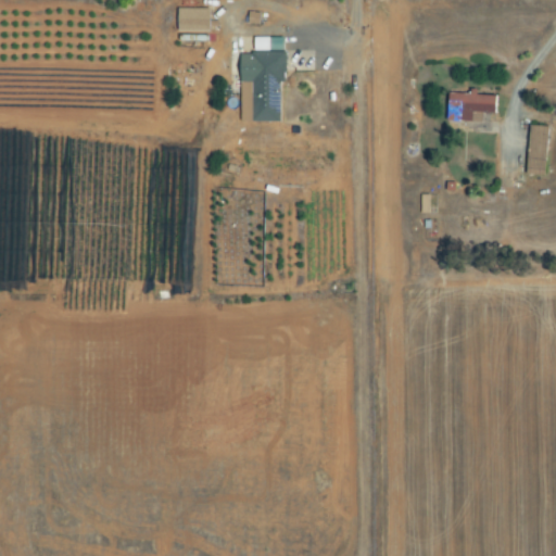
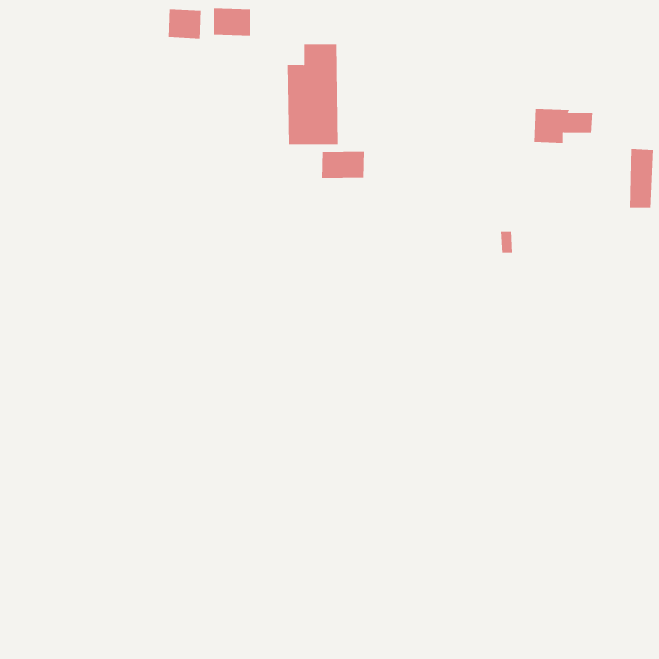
building: none -> [168,8,201,39]
building: none -> [322,151,365,179]

